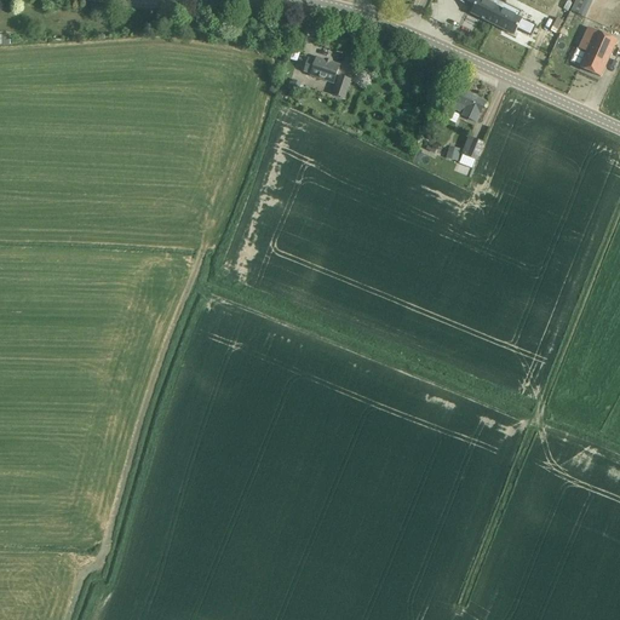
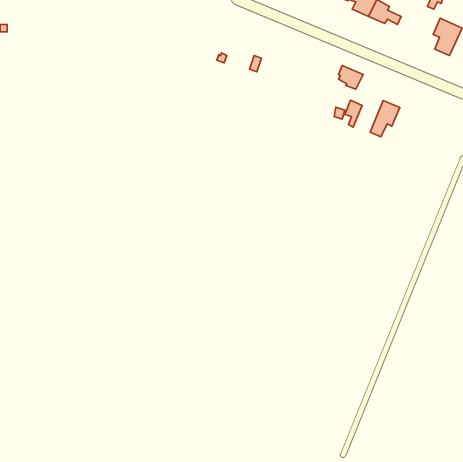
building: [304,56,339,80] -> none
building: none -> [370,100,400,137]

